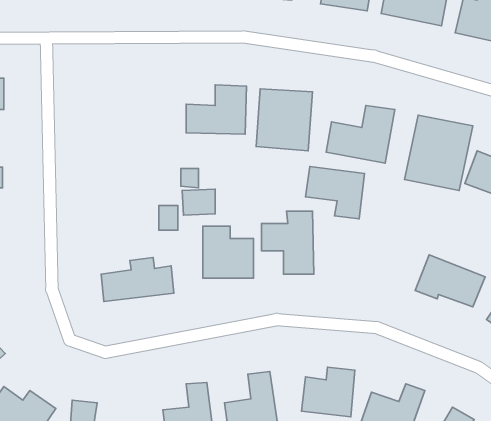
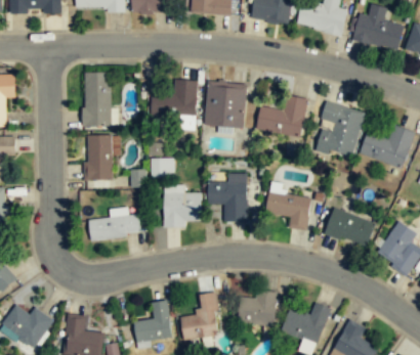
building: none -> [83,71,112,125]
building: none -> [86,135,113,180]
building: [306,167,365,219] -> [266,190,310,229]

